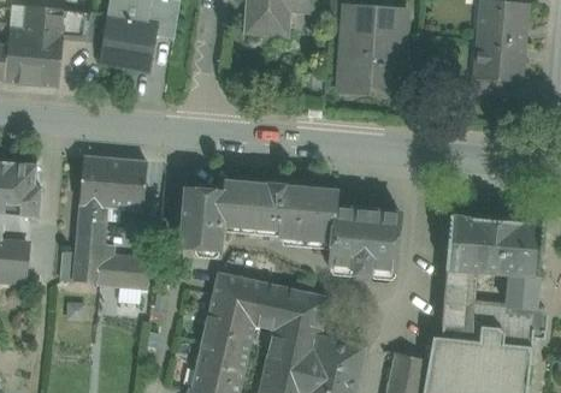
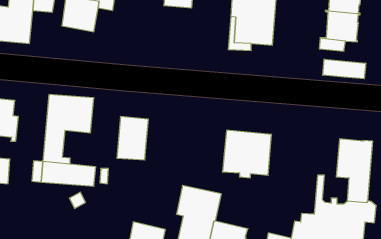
building: none -> [323,59,366,79]
building: [220,181,336,240] -> none
building: [439,215,495,326] -> none
building: [202,273,272,347] -> none

